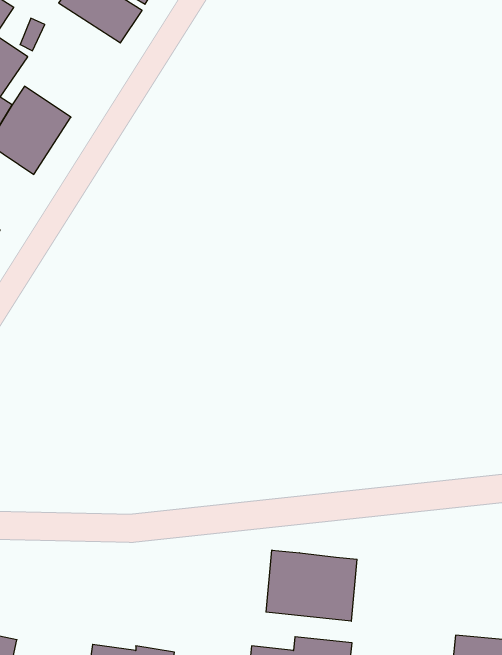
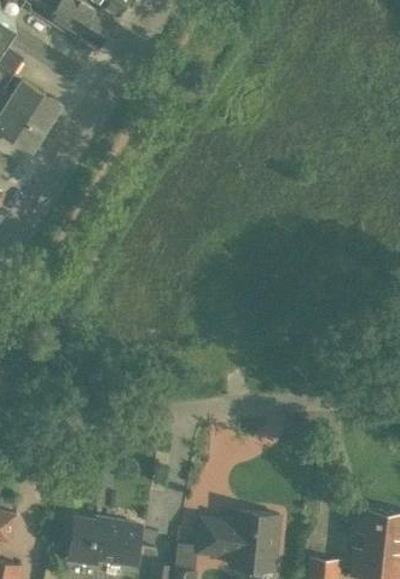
building: [266,550,357,621] -> none

